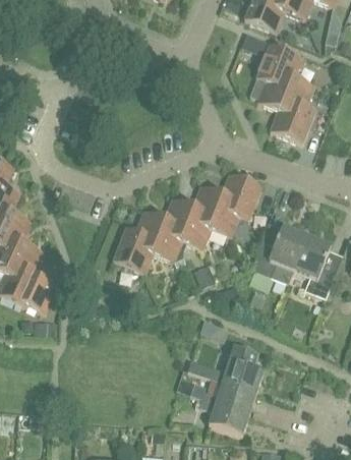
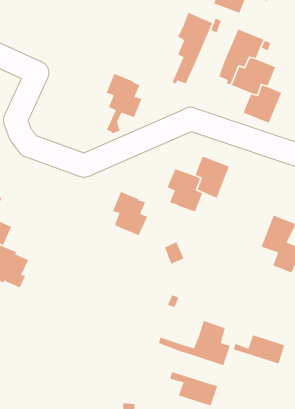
building: none -> [171,10,213,85]
building: [168,198,206,262] -> [106,73,142,134]
building: [250,225,306,283] -> none
building: [113,226,149,270] -> none
building: [201,381,255,412] -> [233,334,285,365]

